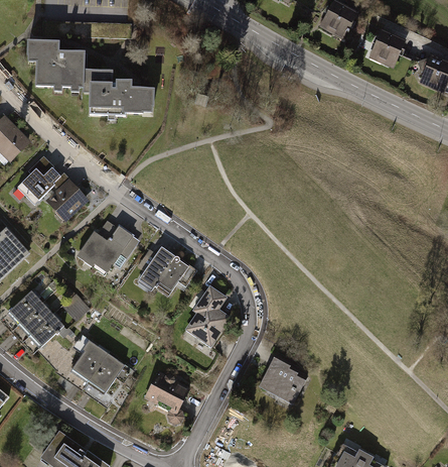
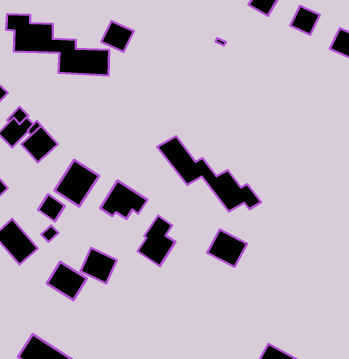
building: none -> [101,21,134,52]
building: none -> [157,136,261,212]
building: none -> [38,194,65,222]
building: [261,356,309,401] -> [207,230,247,267]
building: [144,369,188,413] -> [80,248,117,283]

